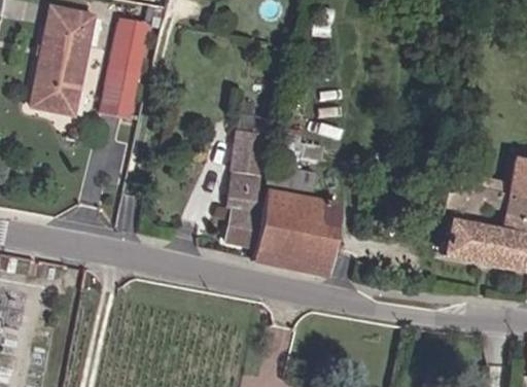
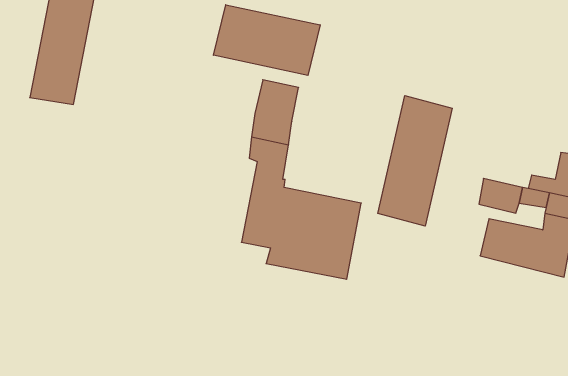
building: [98,22,149,121] -> none
building: none -> [213,5,320,75]
building: none -> [378,96,452,226]

